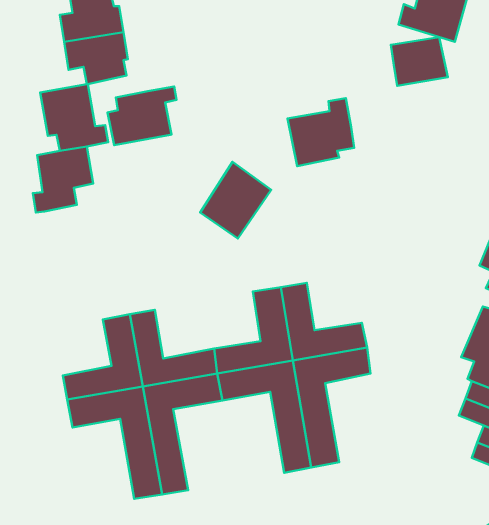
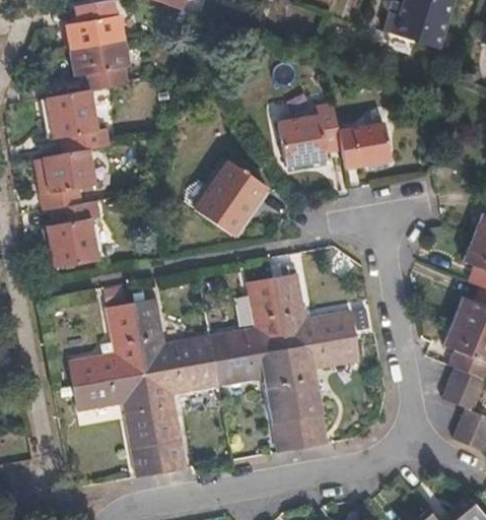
building: [391,37,448,86] -> [339,122,393,168]
building: [107,86,177,145] -> none
building: none -> [48,199,100,267]

